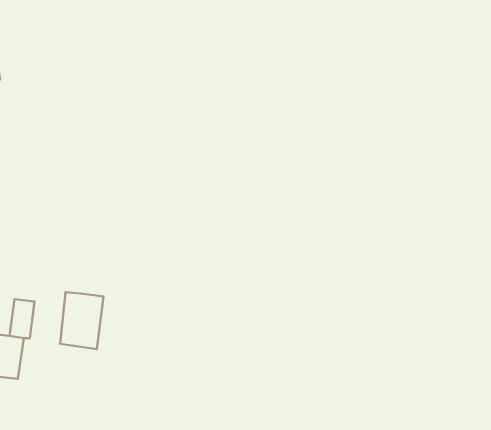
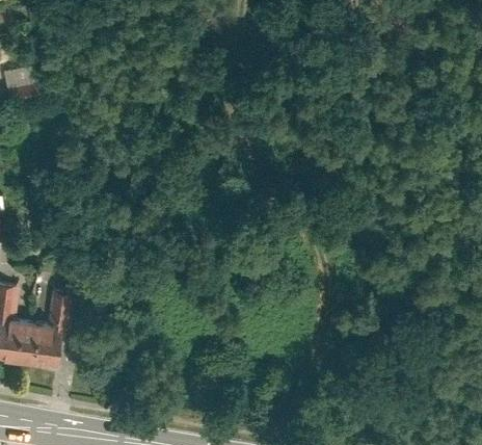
building: [60,292,104,349] -> none

